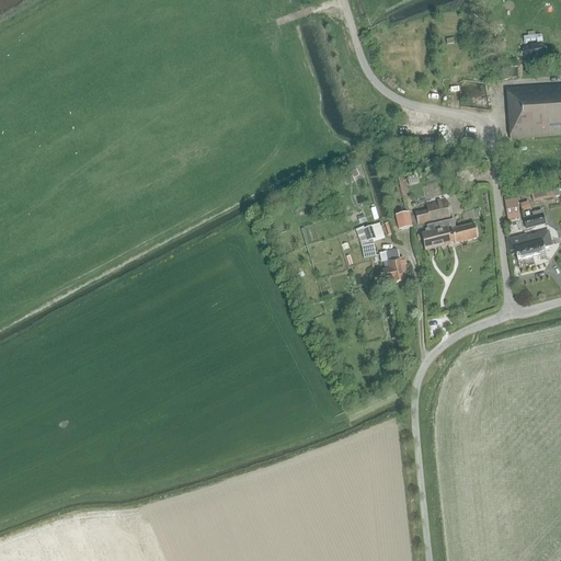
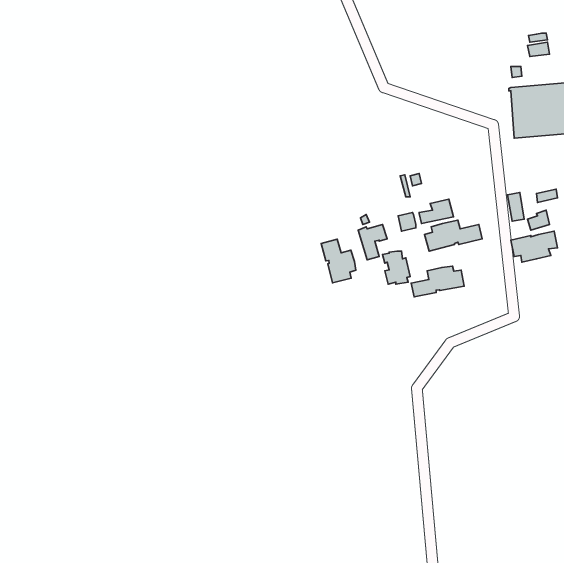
building: none -> [321,239,356,283]
building: none -> [411,266,464,297]

